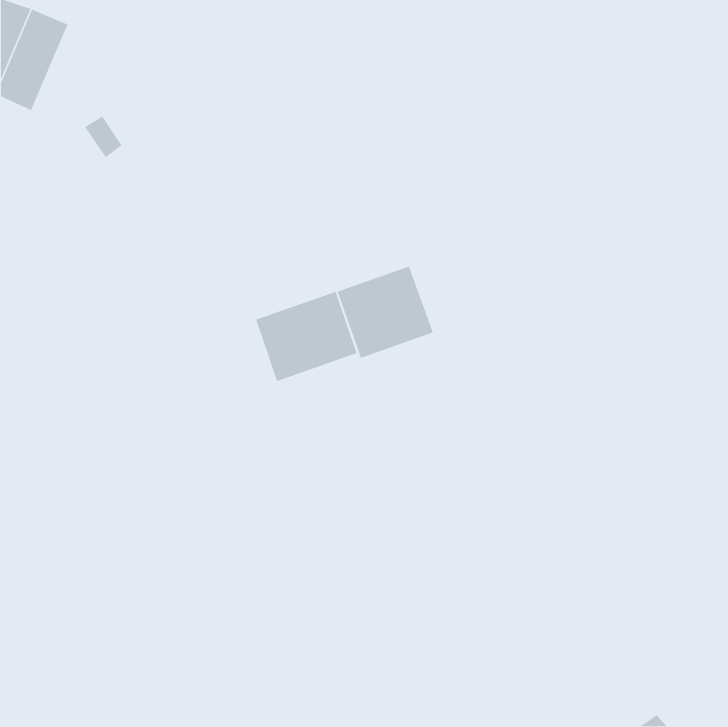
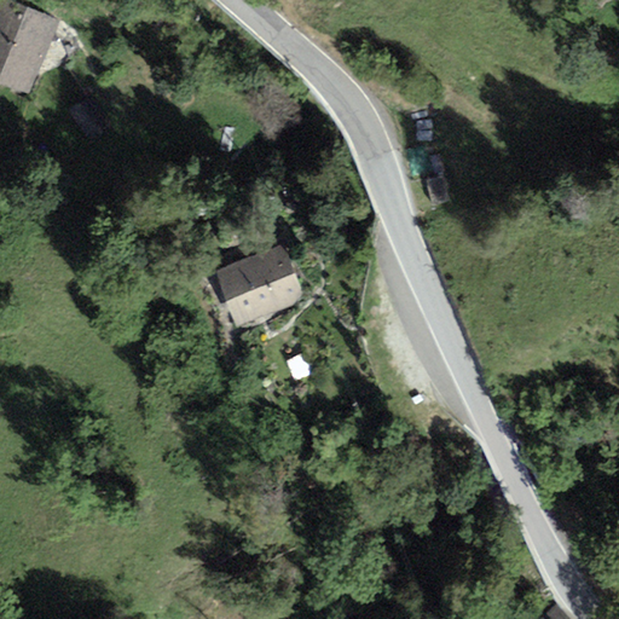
building: [336,266,434,359] -> none

